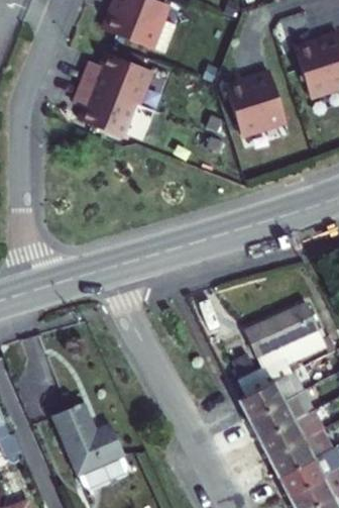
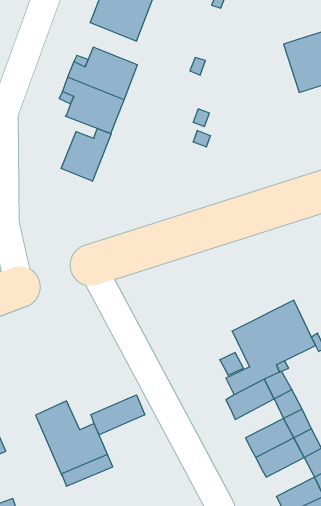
building: [226,76,287,137] -> none
building: none -> [61,128,111,181]
building: none -> [91,395,145,435]
building: [248,400,296,438] -> none
building: [278,458,326,496] -> none

